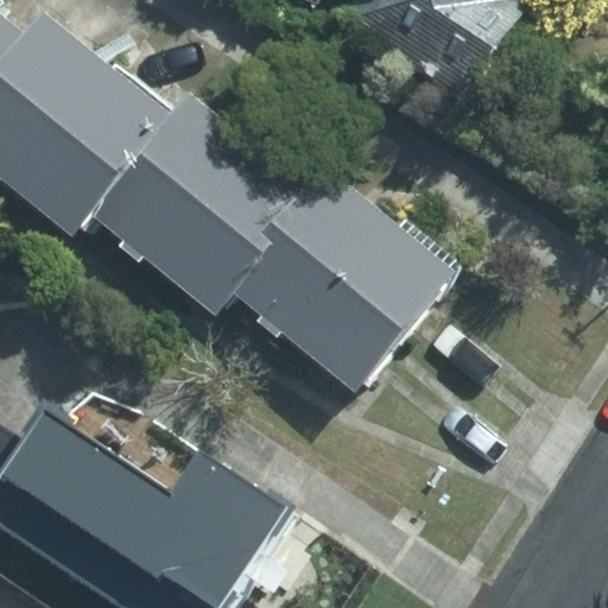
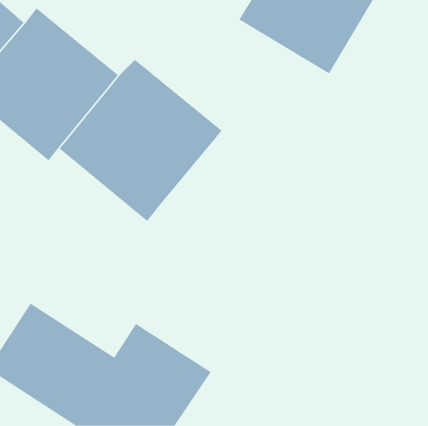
building: [227,163,451,387] -> none

